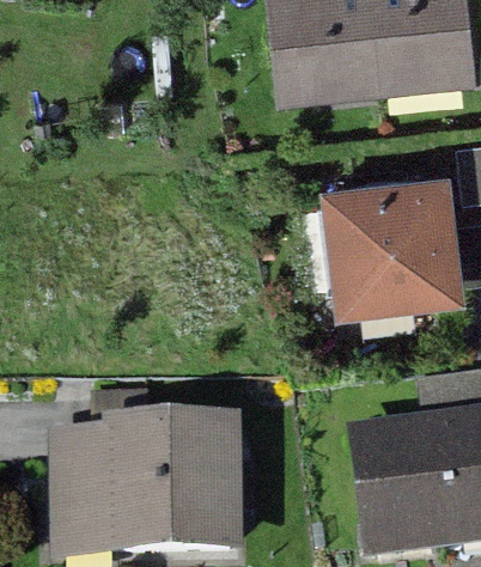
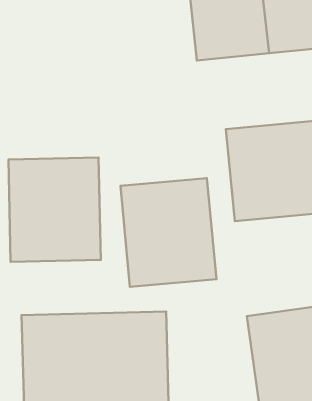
building: none -> [8,157,101,262]
building: none -> [120,178,216,287]

